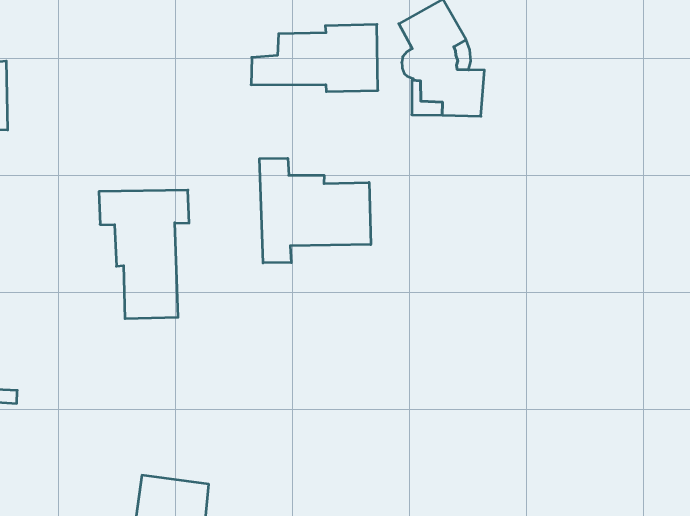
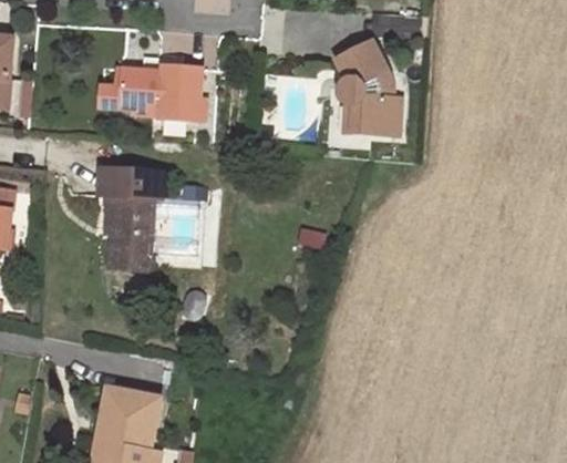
building: [251,24,378,92] -> [99,65,199,119]
building: [260,158,371,263] -> none

